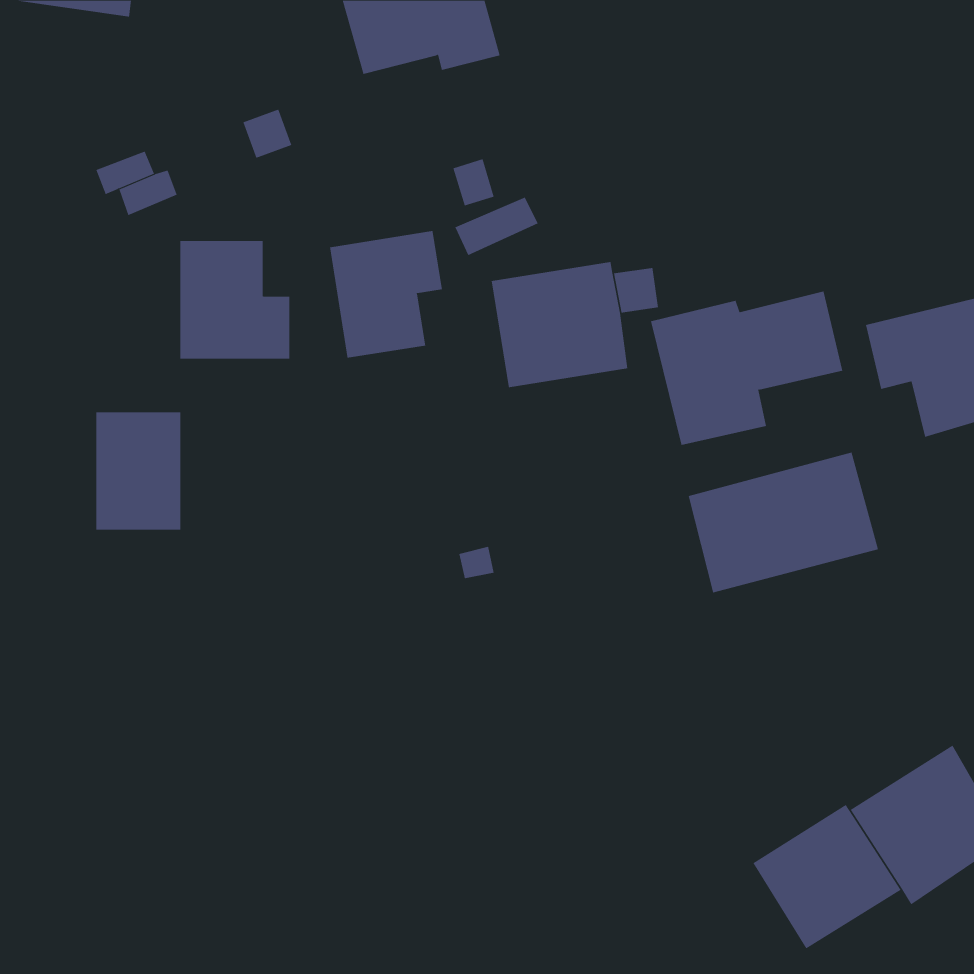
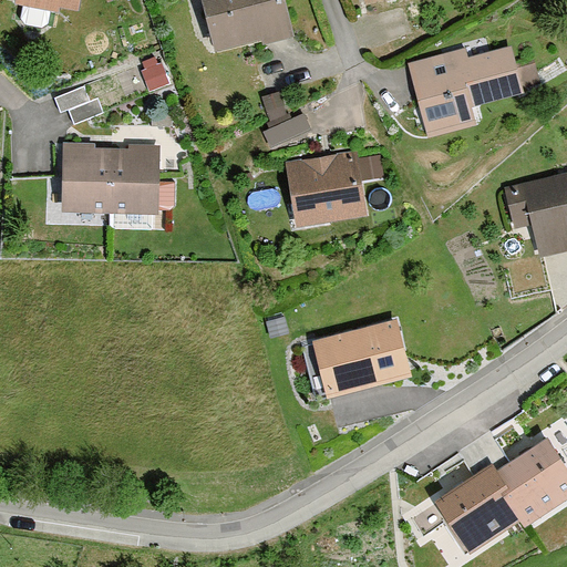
building: [329,230,442,359] -> none
building: [650,291,843,445] -> [405,43,517,133]
building: [95,412,181,530] -> [55,141,105,209]
building: [688,452,879,593] -> [303,318,414,400]

